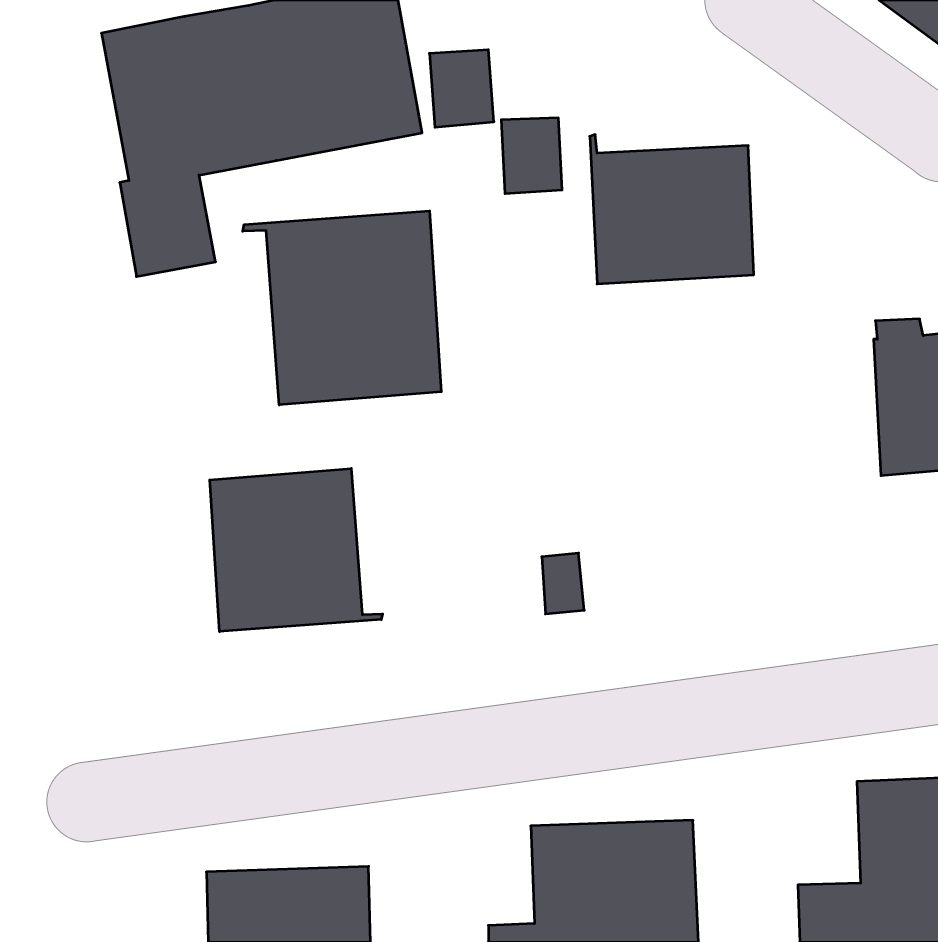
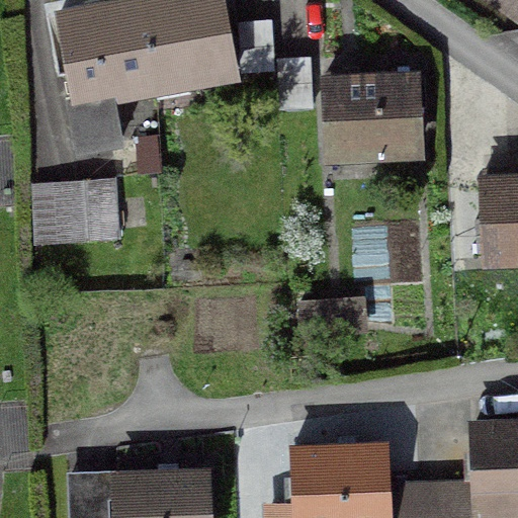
building: [243,211,441,405] -> none
building: none -> [30,181,116,244]
building: [210,468,383,632] -> none

